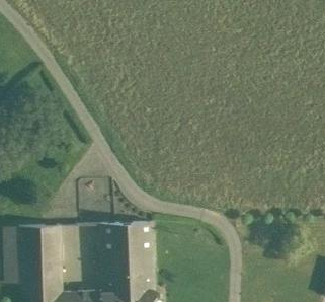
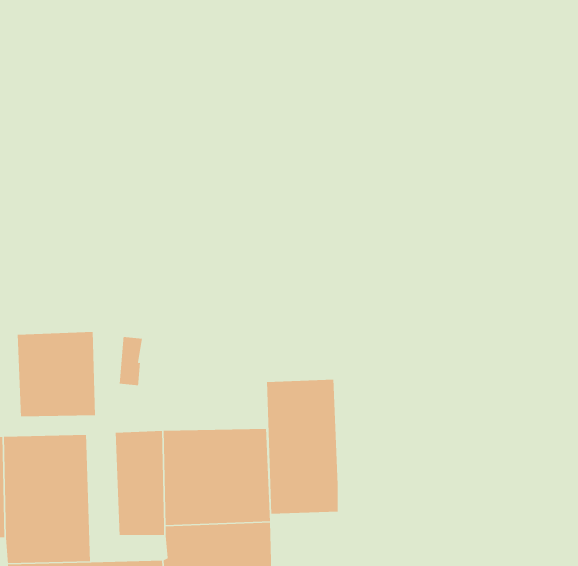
building: none -> [17,331,96,417]
building: none -> [266,379,339,515]

